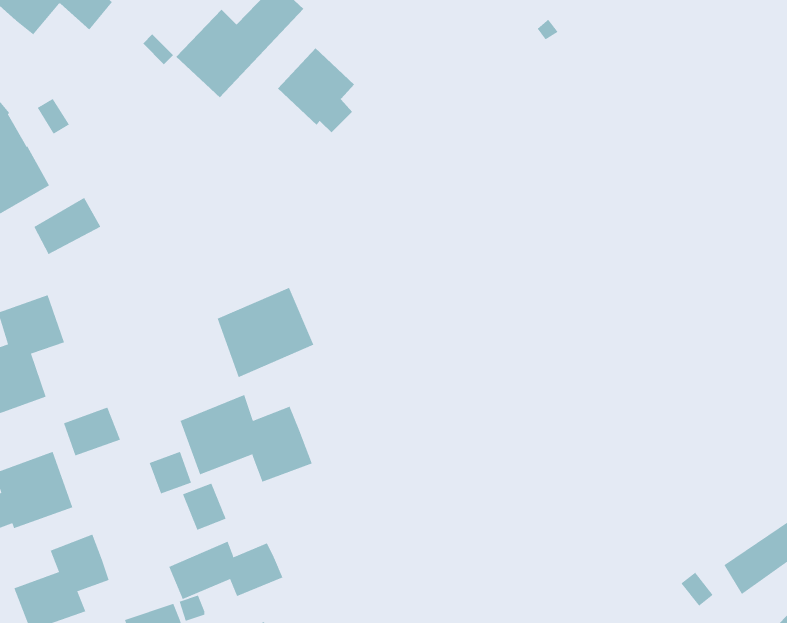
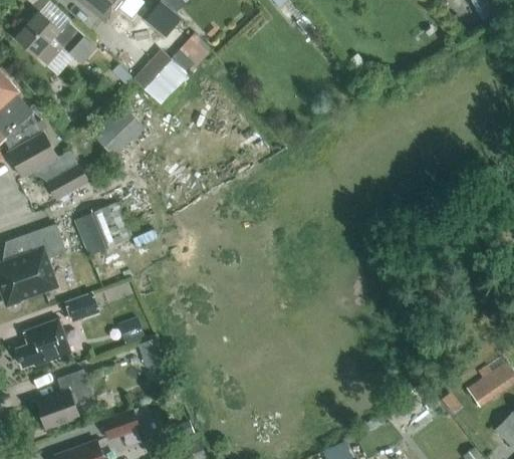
building: [277,47,355,133] -> none
building: none -> [91,103,145,156]
building: [217,287,314,378] -> [74,201,134,256]
building: [180,394,313,482] -> none
building: [169,541,283,600] -> none

